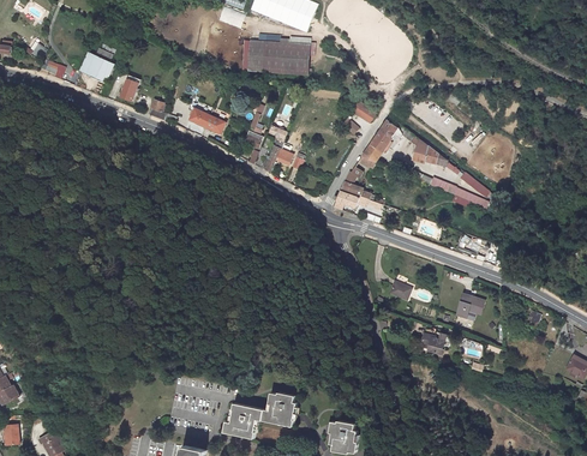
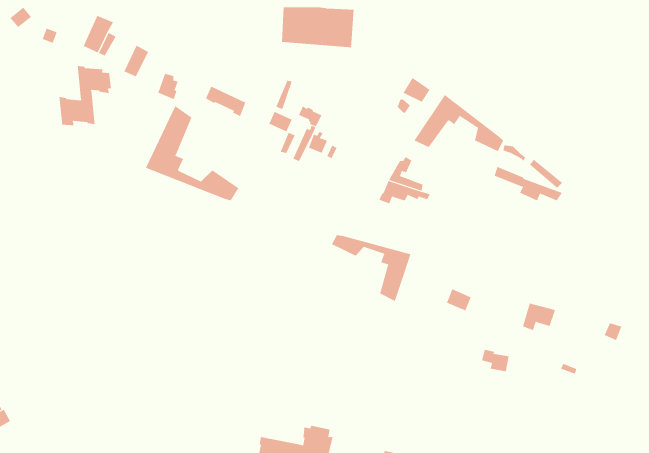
building: none -> [59,65,111,126]
building: none -> [145,105,239,201]
building: none -> [331,234,411,302]

